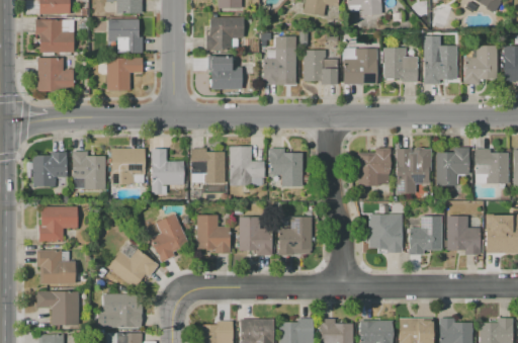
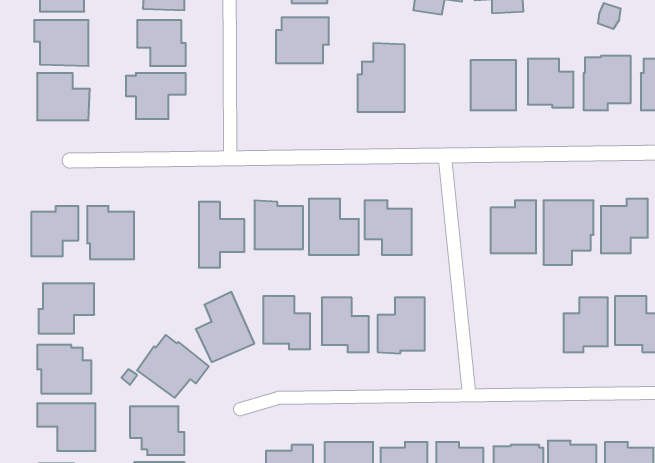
building: [304,50,337,84] -> none
building: [208,56,244,88] -> none
building: [111,149,146,183] -> none
building: [368,215,403,253] -> none

